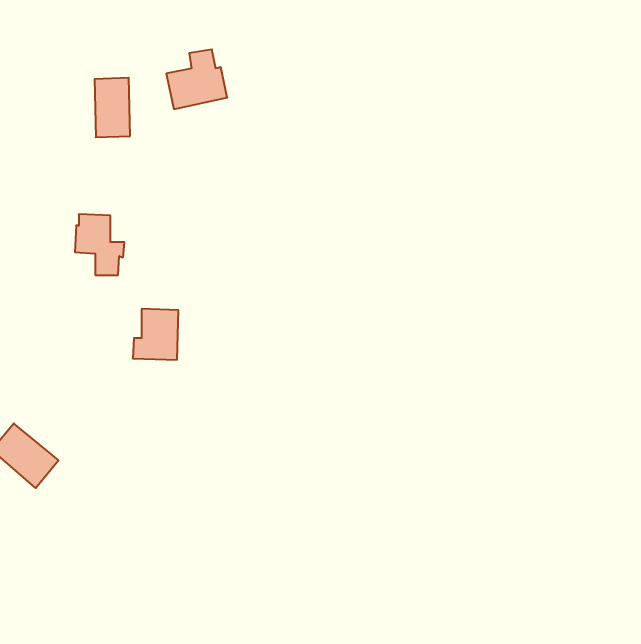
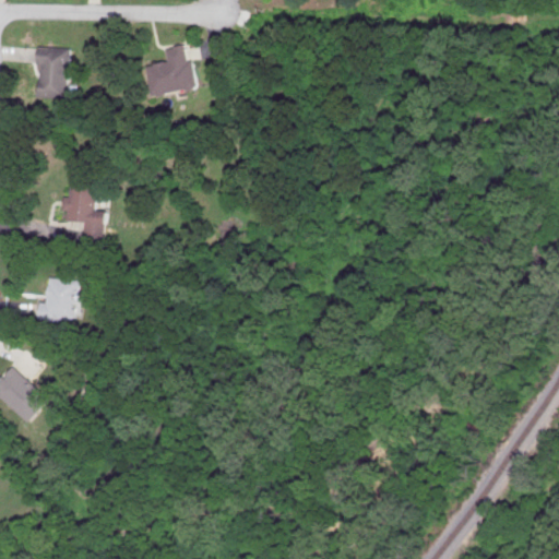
building: [95,78,130,137] -> [36,48,67,99]
building: [133,309,178,360] -> [38,278,78,322]

